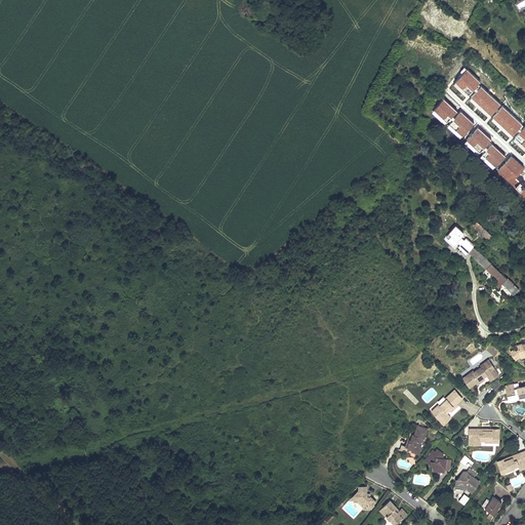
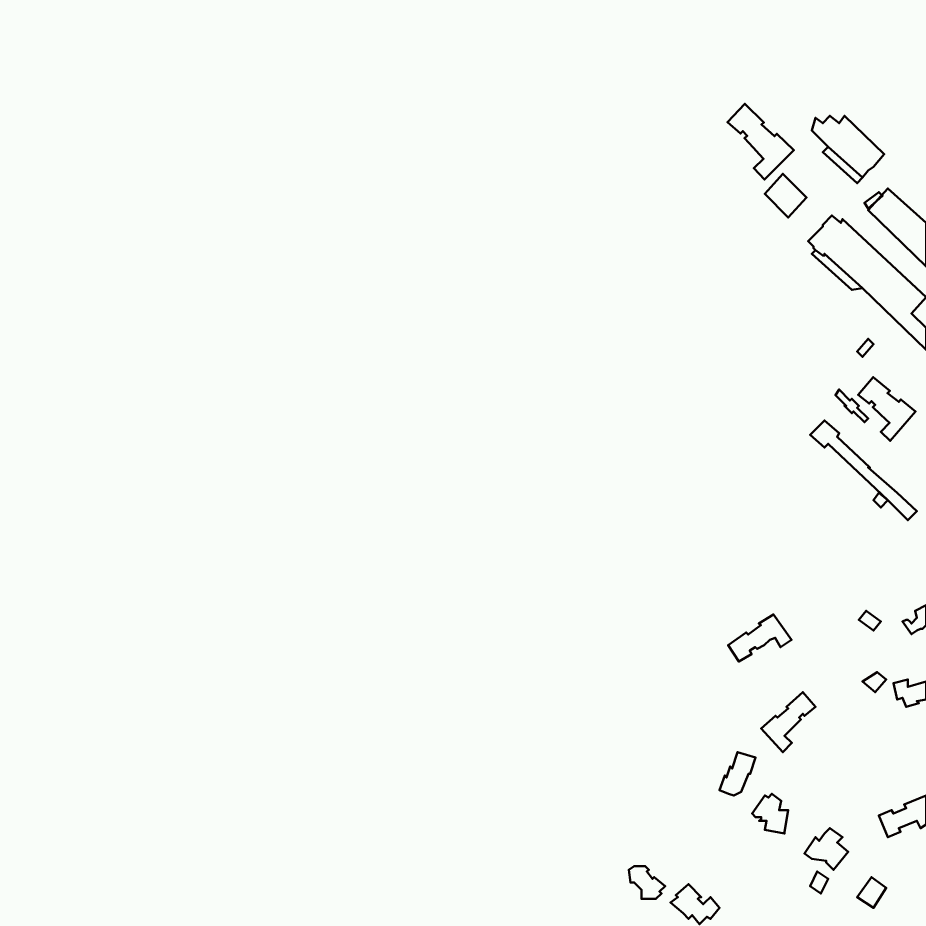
building: none -> [727,104,794,180]
building: none -> [858,377,916,441]
building: [462,361,498,388] -> [728,614,792,662]
building: [469,430,499,445] -> none

